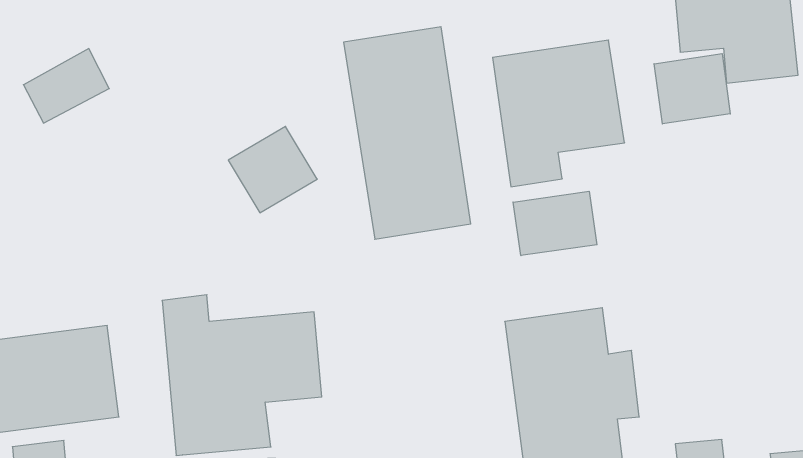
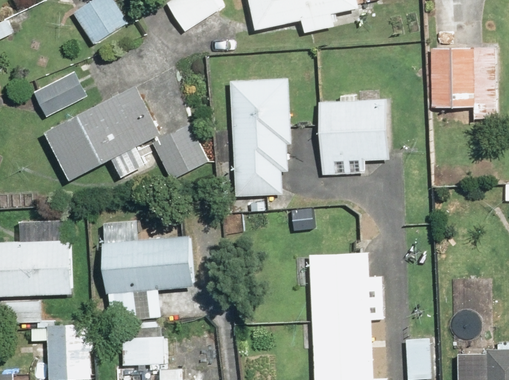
building: [654,54,730,124] -> none
building: none -> [46,88,163,182]
building: [513,191,597,256] -> none

